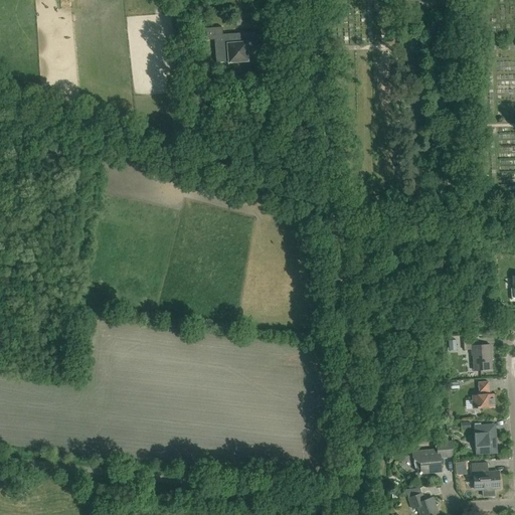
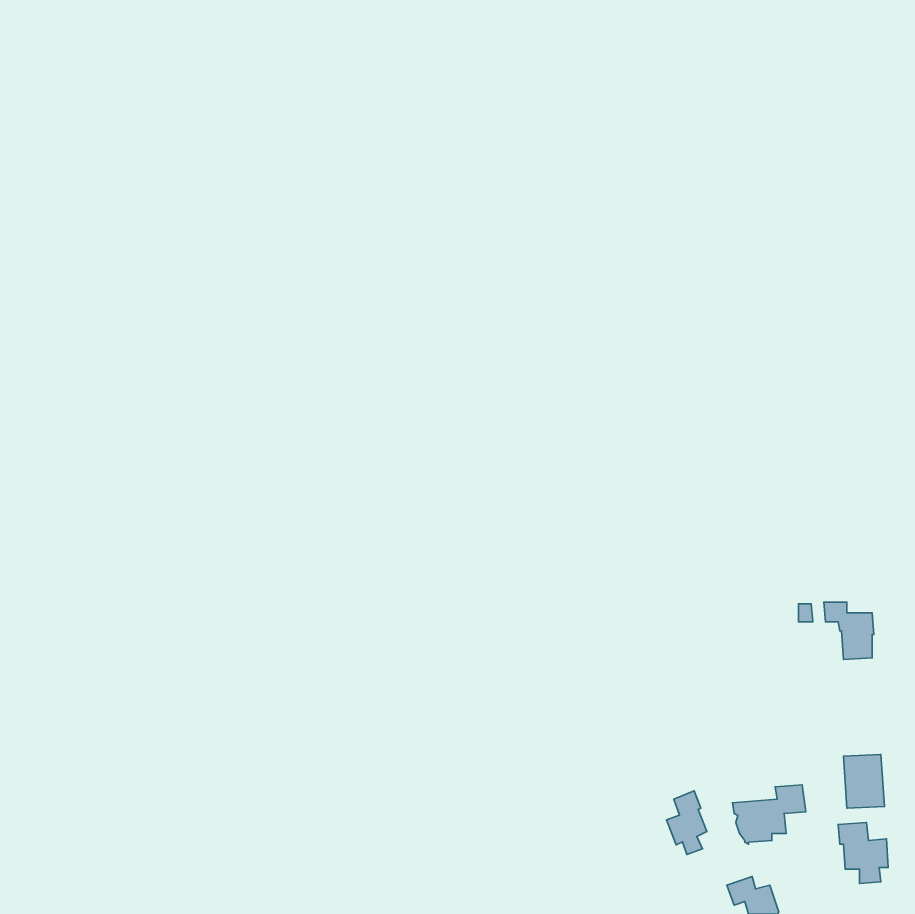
building: [206,26,261,62] -> none
building: [472,380,494,407] -> none
building: none -> [666,791,707,855]

